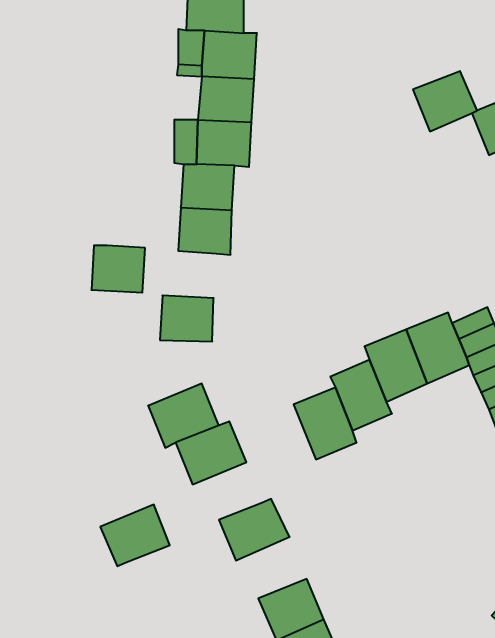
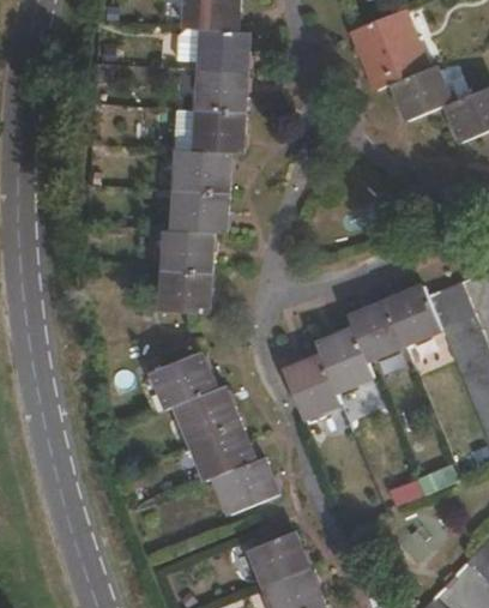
building: none -> [350,8,429,90]
building: [91,245,145,293] -> [163,230,212,273]
building: [100,505,170,566] -> [191,423,254,480]

